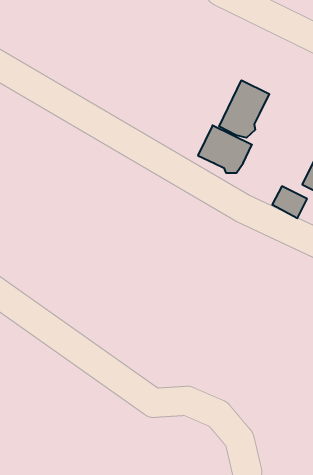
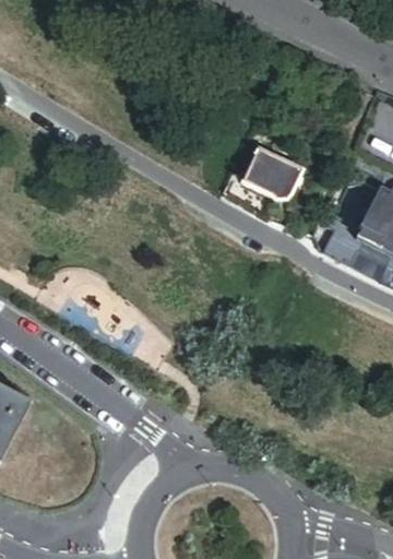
building: [219,80,269,138] -> none

